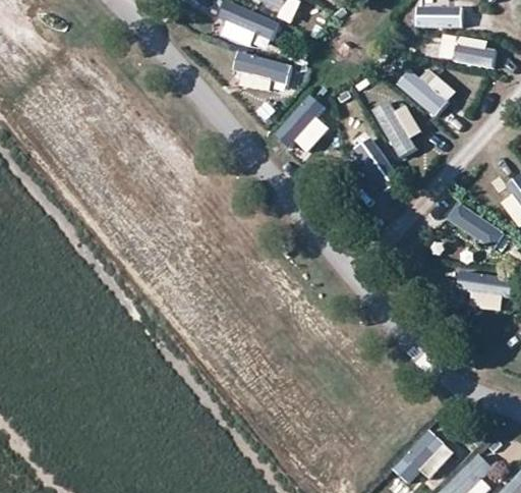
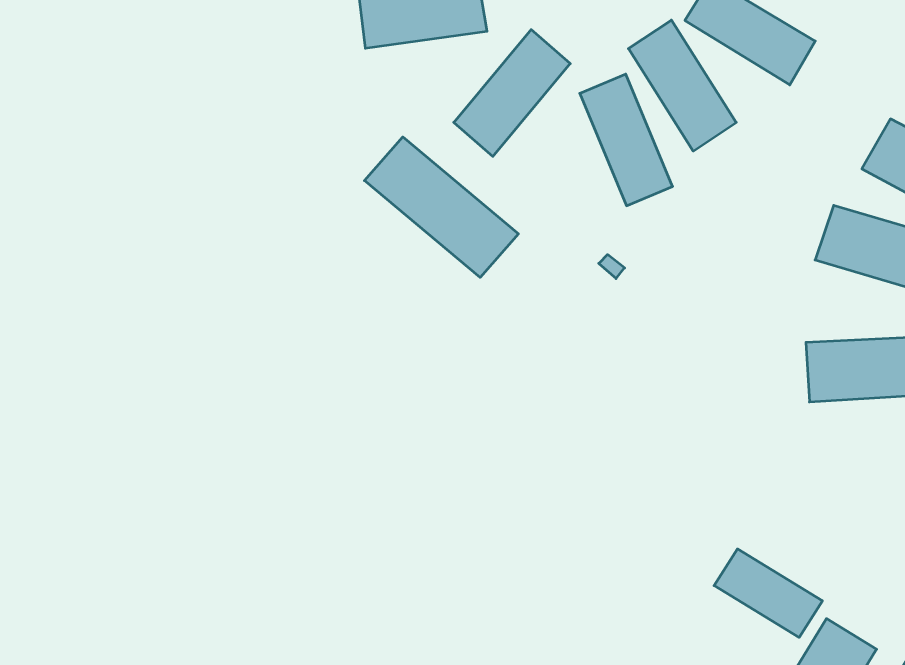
building: none -> [364,137,518,277]
building: none -> [714,549,822,637]

